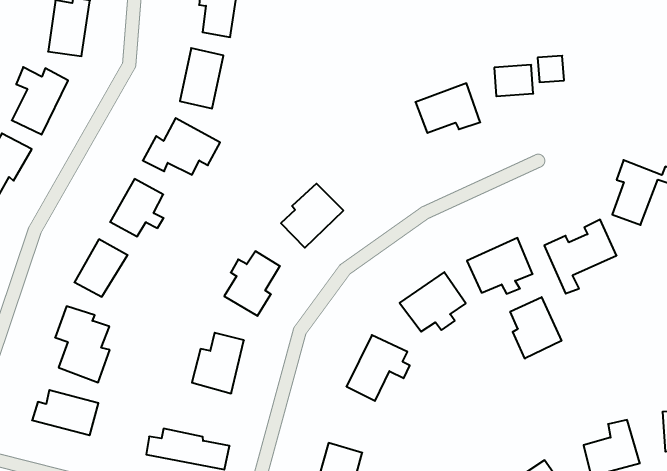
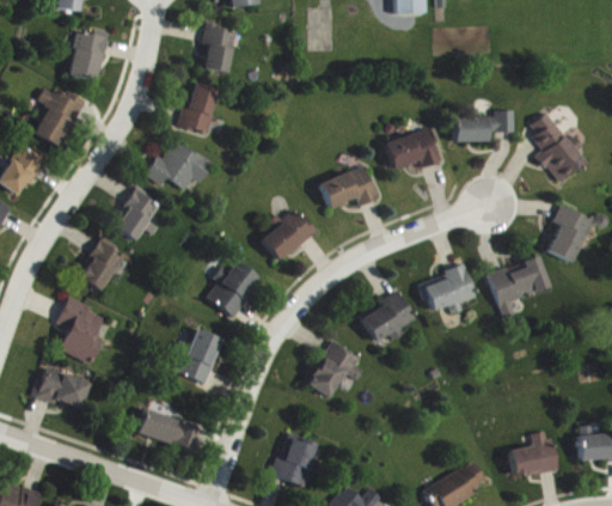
building: none -> [527,112,585,183]
building: none -> [319,165,378,208]
building: [510,297,561,359] -> none

